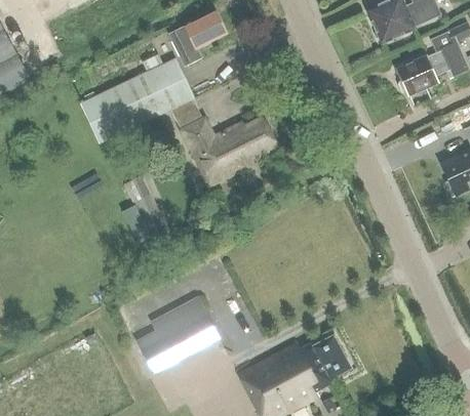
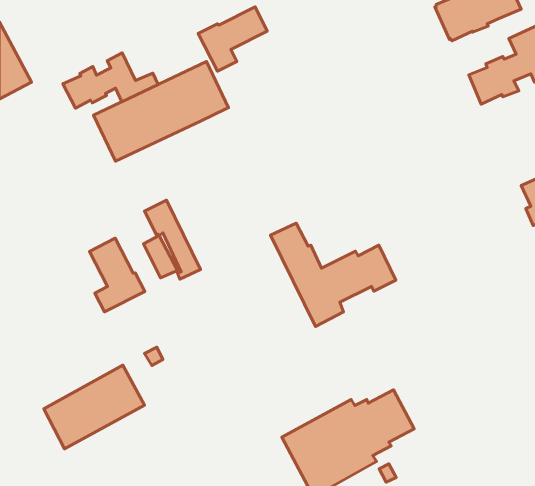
building: none -> [63,53,158,108]
building: [170,97,276,184] -> [271,223,396,327]
building: none -> [89,238,145,312]
building: [135,303,221,374] -> [44,365,145,449]

